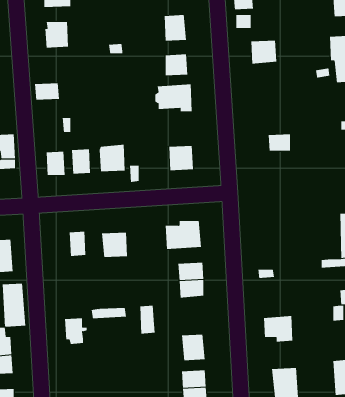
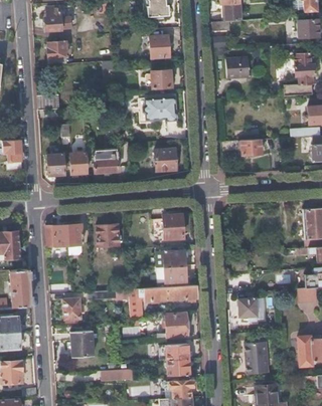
building: none -> [46,225,69,247]
building: none -> [142,285,197,301]
building: none -> [70,332,94,357]

